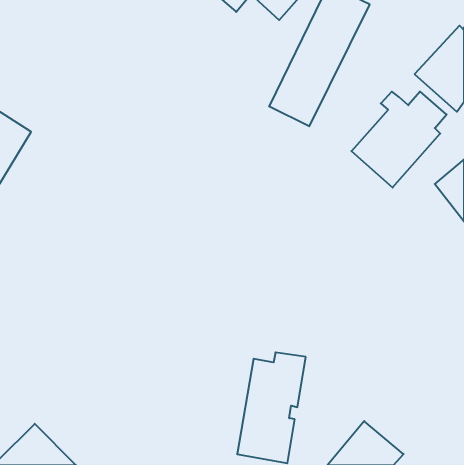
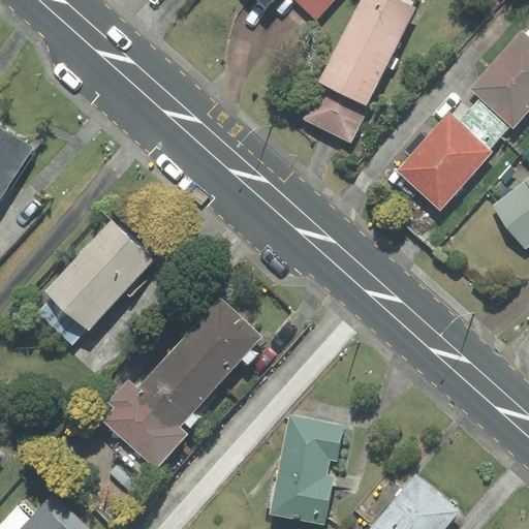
building: none -> [43,221,157,335]
building: none -> [99,292,262,471]

